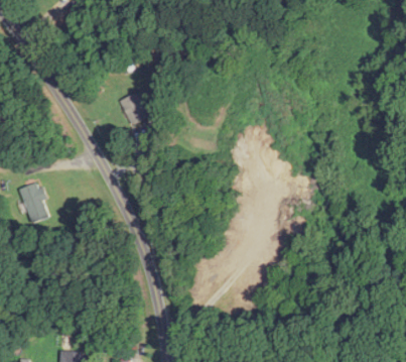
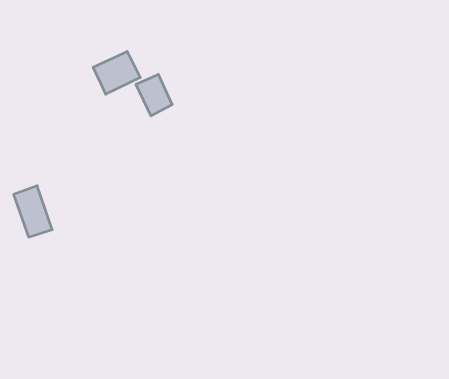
building: none -> [93,51,140,94]

